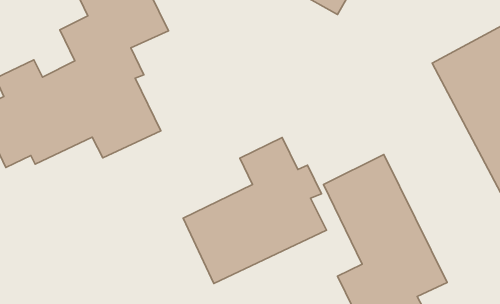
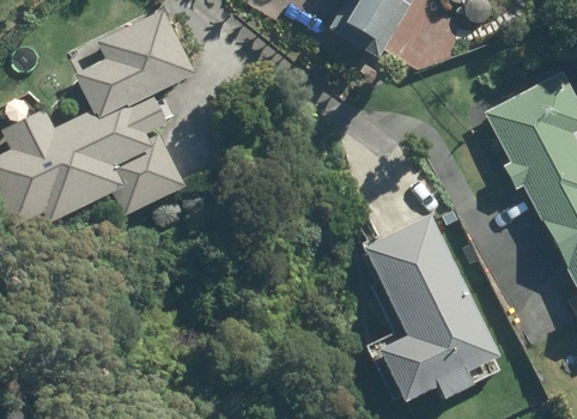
building: [183,138,326,283] -> none

